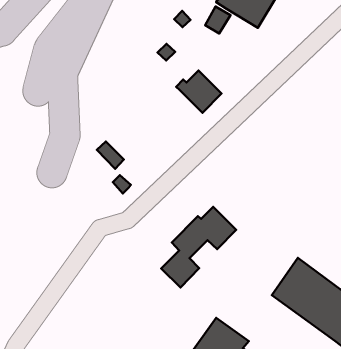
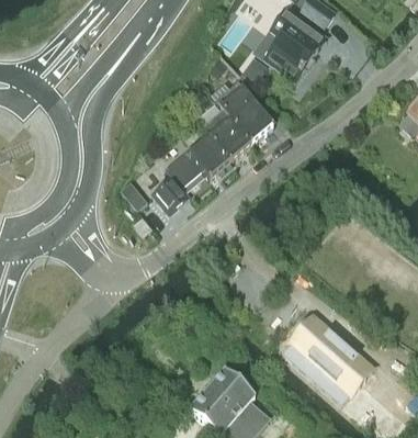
building: none -> [221,86,273,144]
building: [161,207,236,288] -> [151,136,230,214]

